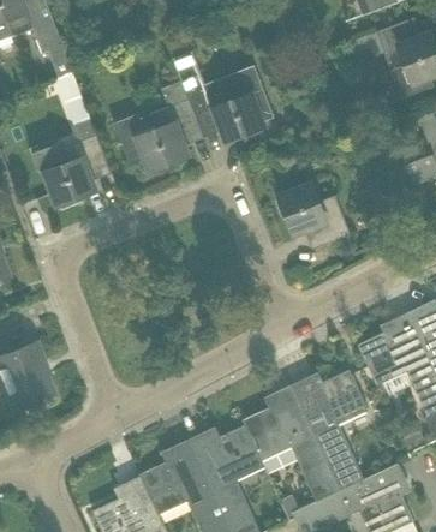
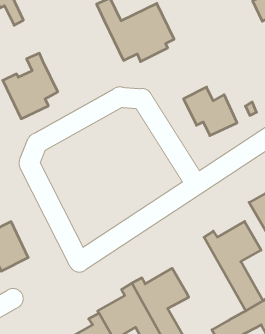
building: [113,82,203,171] -> none
building: [243,387,340,502] -> none

